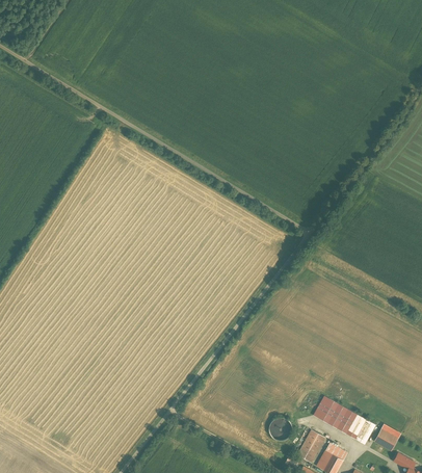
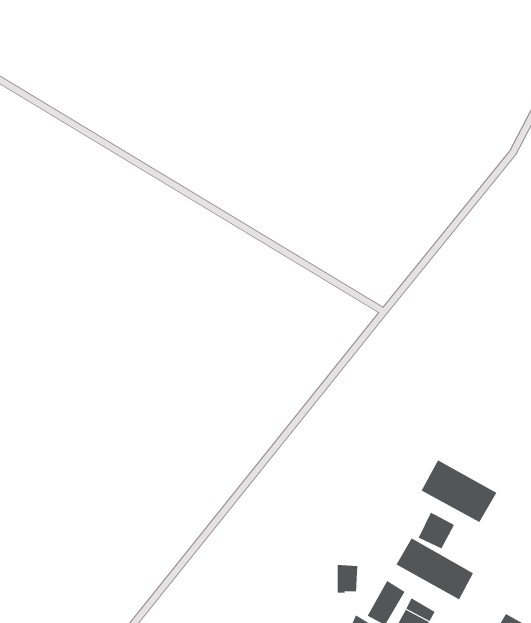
building: none -> [421,459,497,523]
building: [373,423,400,450] -> [418,512,455,549]

